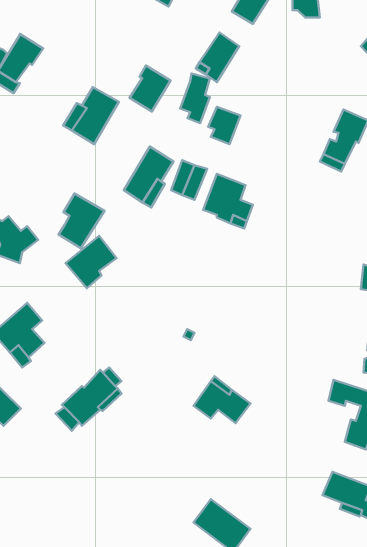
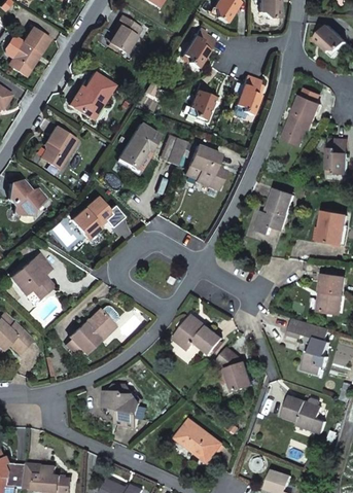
building: [130,66,171,112] -> [106,16,140,55]
building: [180,74,210,123] -> [235,75,259,116]
building: [58,194,104,248] -> [43,127,81,172]
building: none -> [255,189,293,234]
building: none -> [217,346,254,390]
building: none -> [101,380,140,426]

